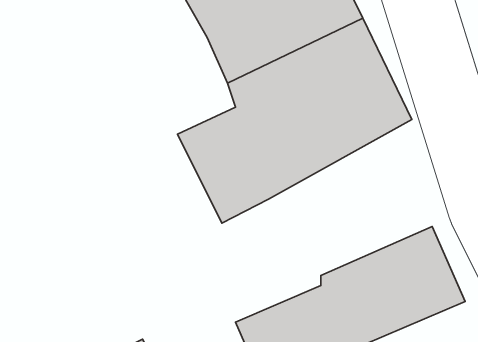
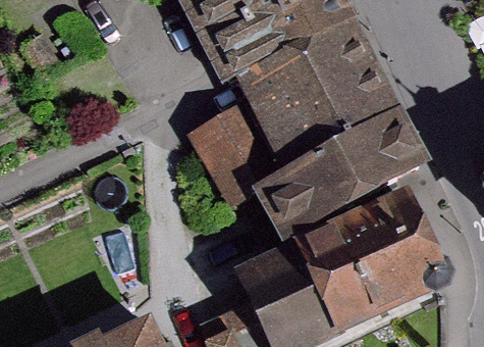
building: none -> [274,119,430,247]

